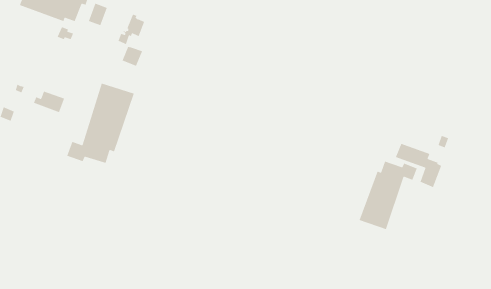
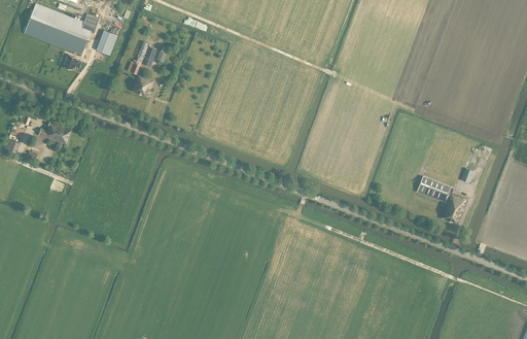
building: [66,83,135,164] -> none
building: [359,161,418,230] -> none

